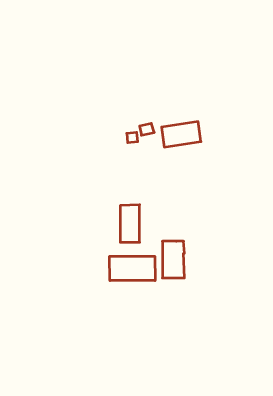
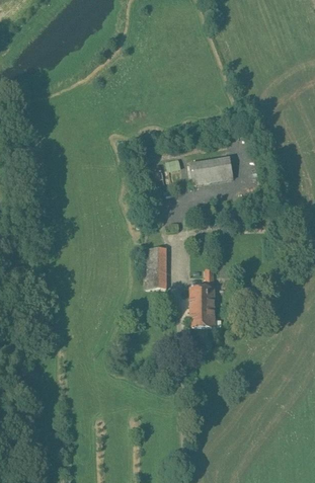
building: [110,256,155,281] -> none

